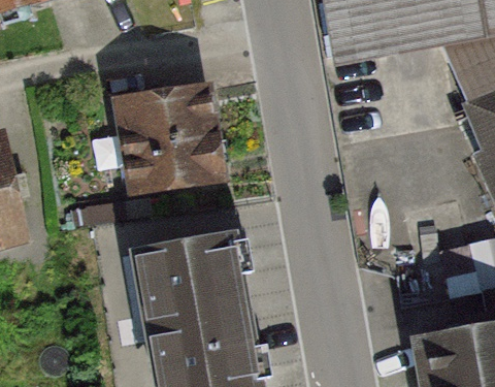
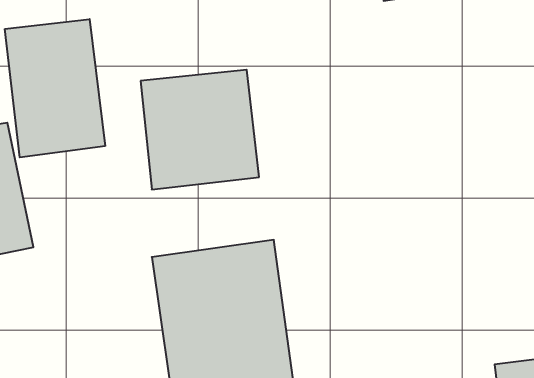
building: none -> [5,19,105,157]

